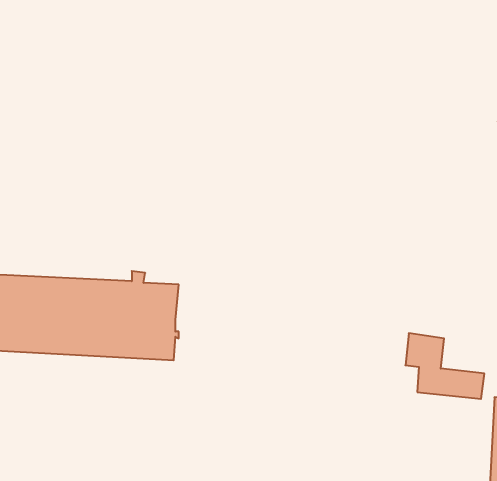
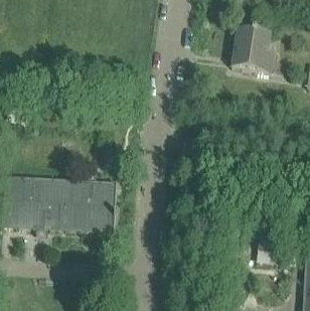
building: none -> [234,27,275,71]

